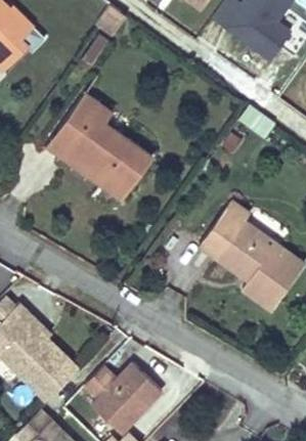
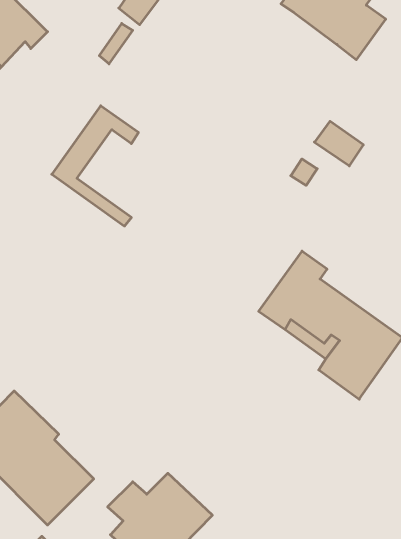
building: [65,112,152,199] -> none

